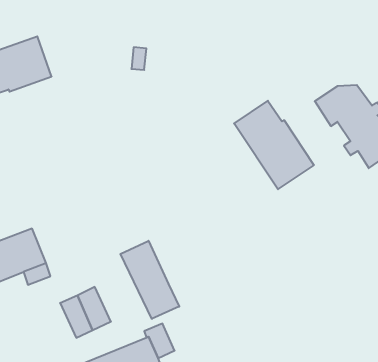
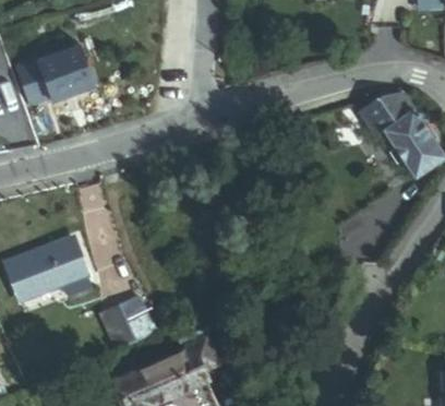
building: [234,101,314,189] -> none
building: [120,241,179,319] -> none

